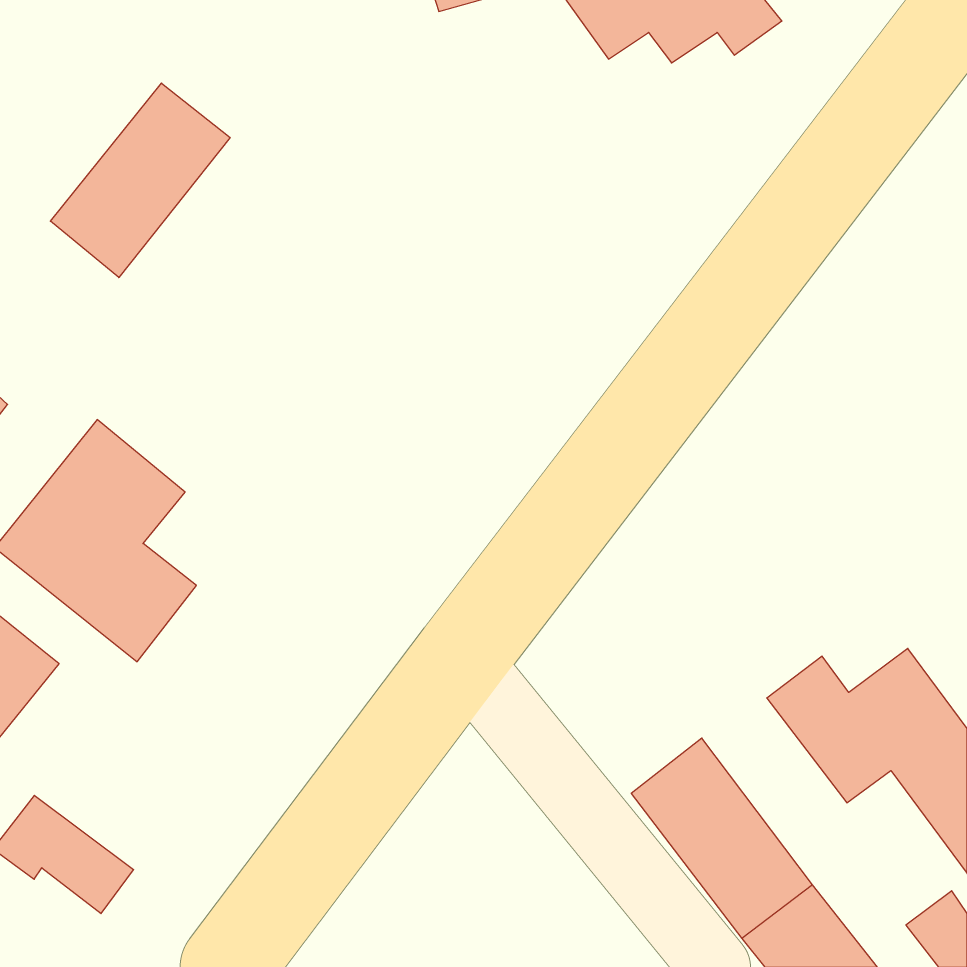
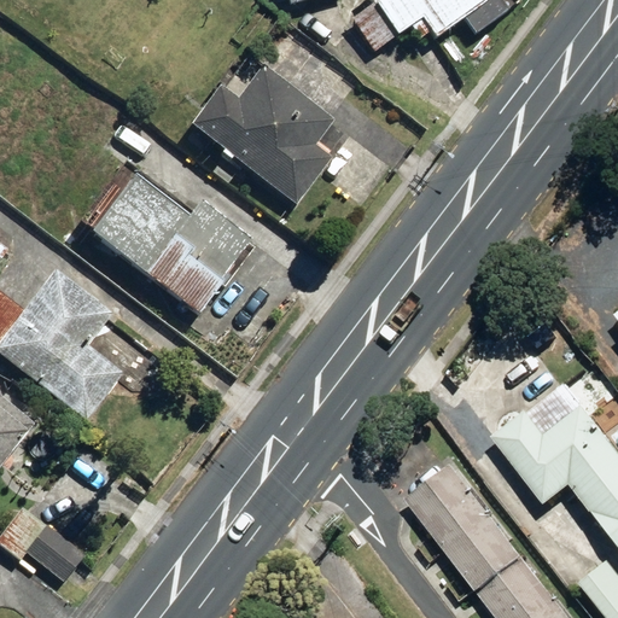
building: [50,83,230,278] -> none
building: none -> [199,65,337,200]
building: none -> [103,173,261,313]

